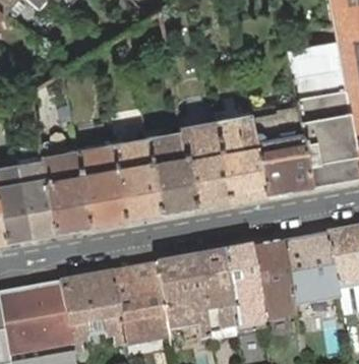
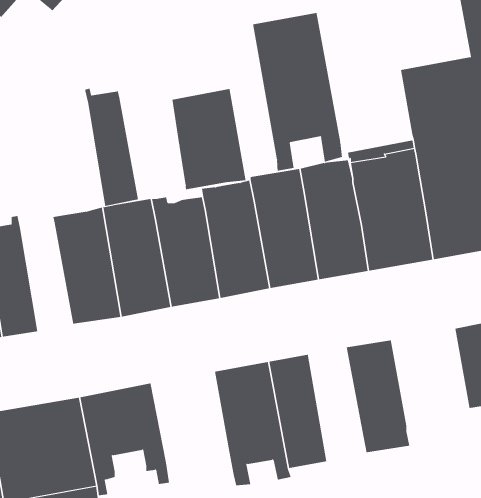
building: none -> [252,12,343,171]
building: none -> [172,88,246,190]
building: [16,151,55,236] -> [85,88,139,207]
building: [282,234,338,303] -> none
building: [223,247,264,335] -> none
building: [111,264,169,346] -> none

